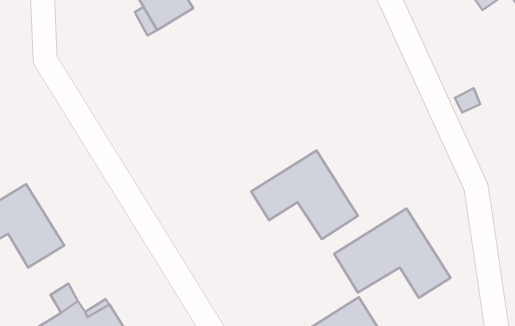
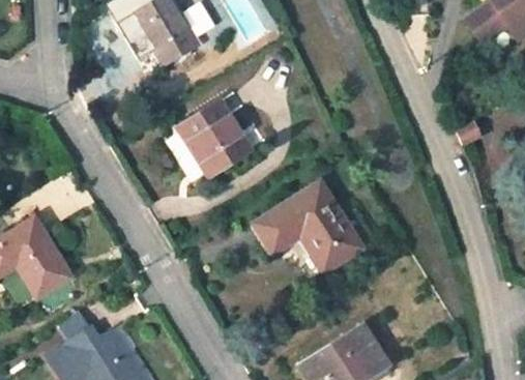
building: none -> [177,100,249,177]
building: [334,208,450,298] -> none

